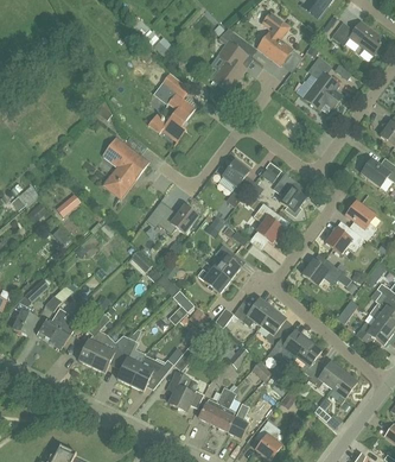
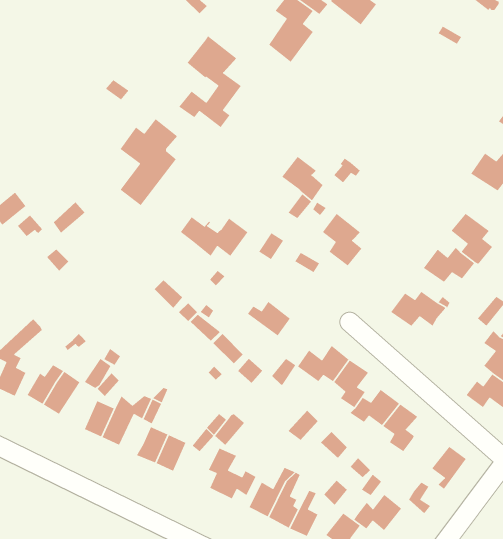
building: [304,58,342,113] -> none
building: [272,173,304,216] -> none
building: [212,243,240,279] -> none
building: [308,361,344,388] -> [353,494,402,531]

